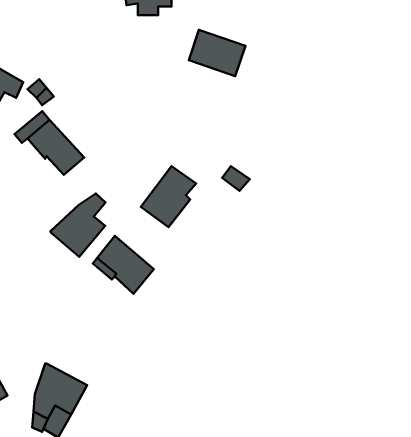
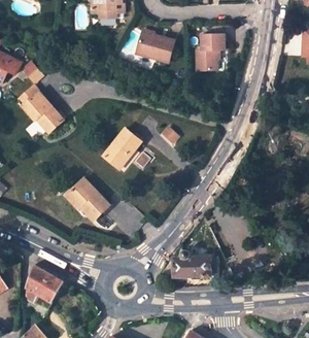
building: none -> [197,34,225,70]
building: [51,194,105,257] -> none
building: none -> [173,250,218,277]

